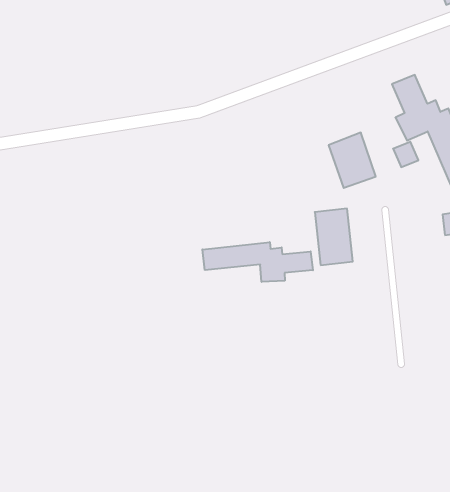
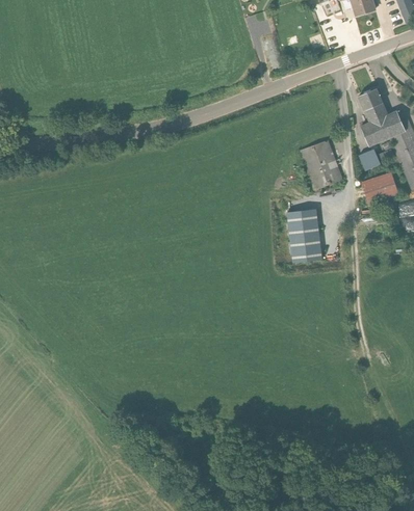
building: none -> [361,171,399,204]
building: [202,242,313,282] -> none

